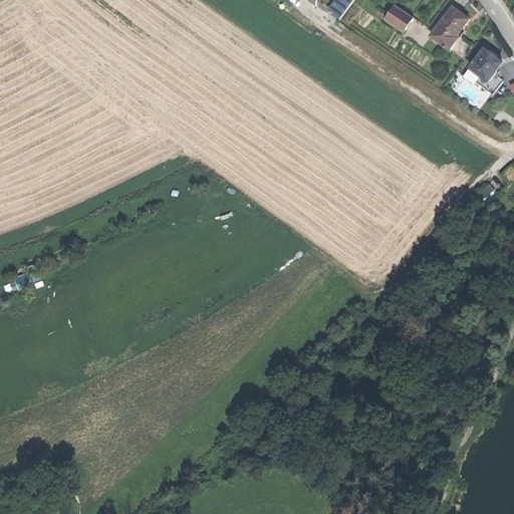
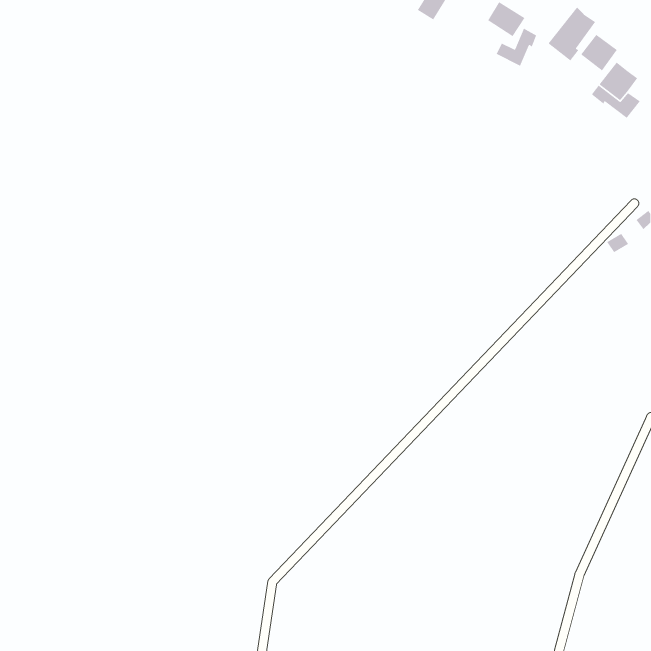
building: none -> [496,28,537,67]
building: none -> [580,34,618,71]

